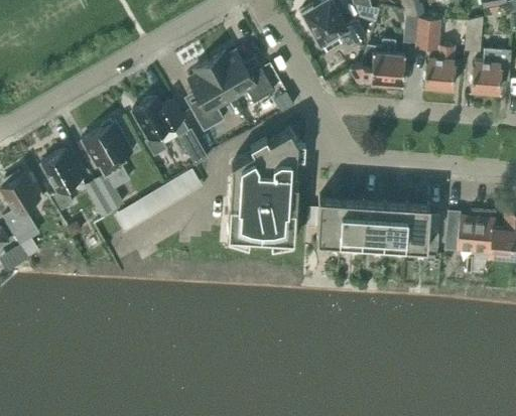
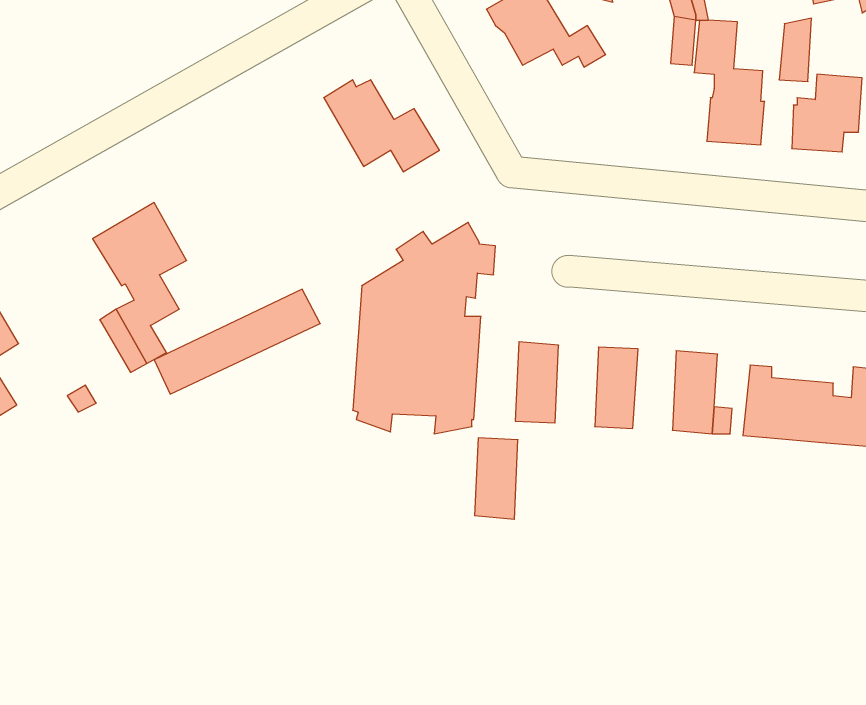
building: [352,40,406,85] -> none
building: [188,62,233,133] -> none
building: [133,99,209,166] -> none
building: [40,151,82,211] -> none
building: [340,200,364,246] -> [475,438,518,519]
building: [383,202,407,248] -> none

